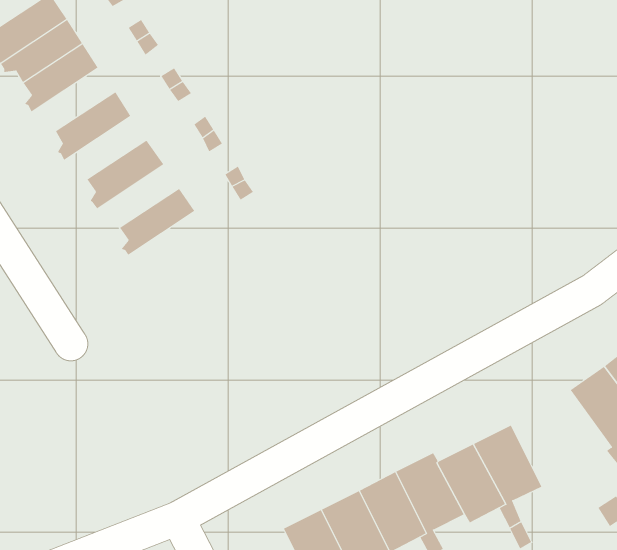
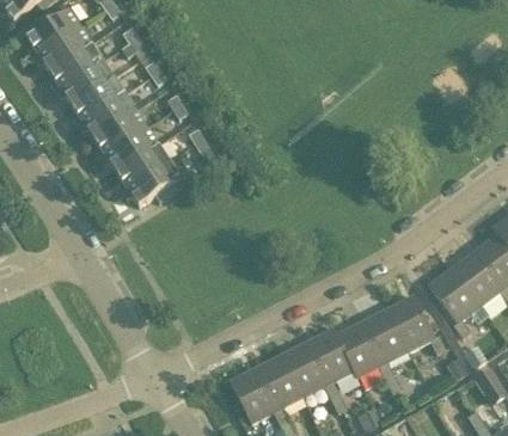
building: none -> [56,60,115,104]
building: none -> [79,93,136,137]
building: none -> [102,127,159,171]
building: none -> [123,159,182,204]
building: none -> [388,294,447,354]

